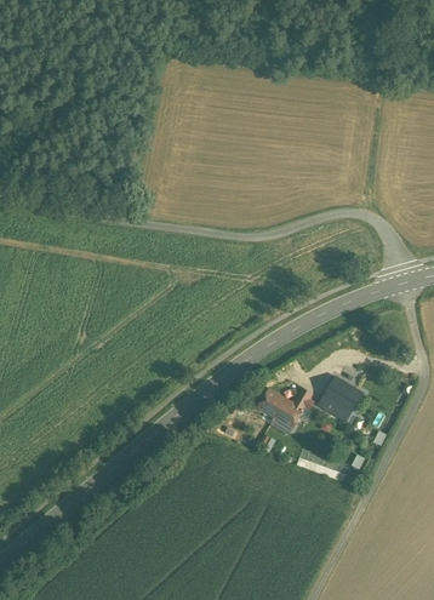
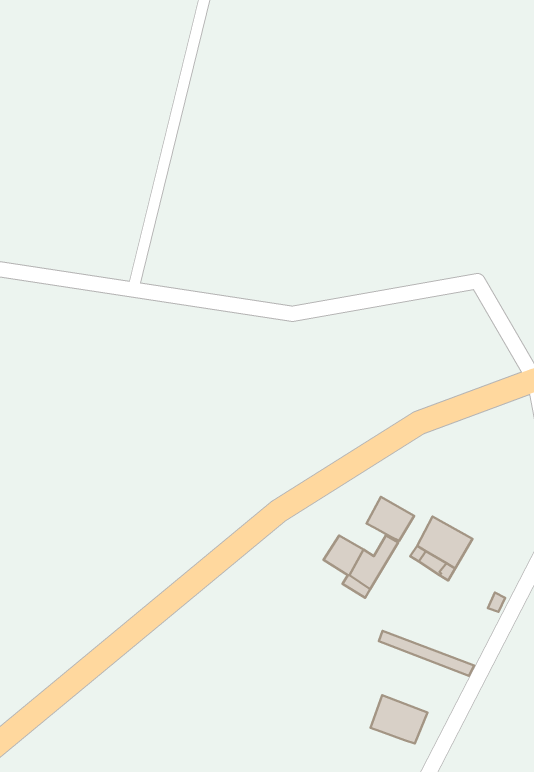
building: none -> [367,497,414,541]
building: none -> [371,695,428,744]

